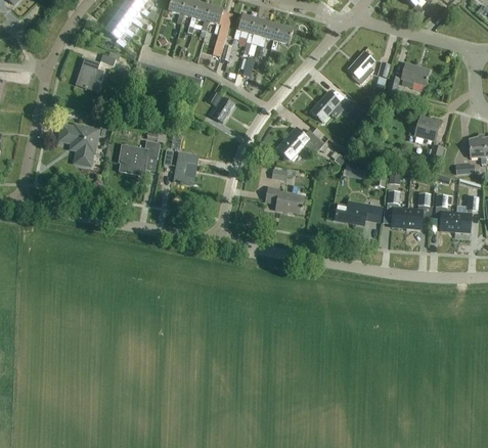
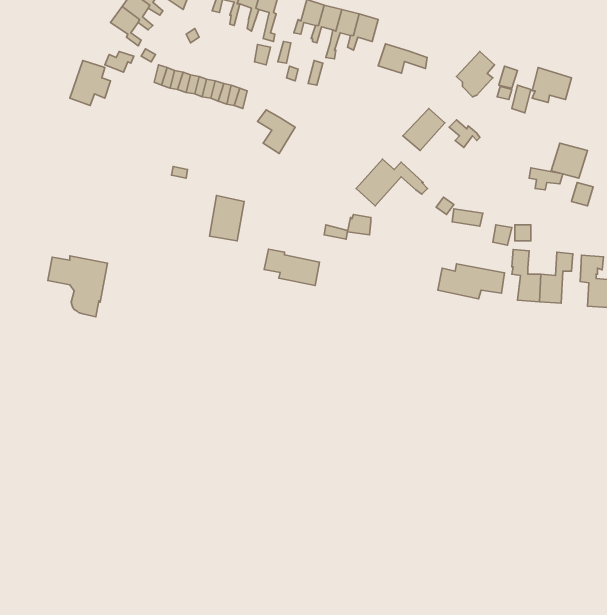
building: none -> [378,44,427,73]
building: [58,123,100,166] -> [48,256,108,317]
building: [119,140,160,176] -> none
building: [265,187,304,213] -> [264,249,319,285]

